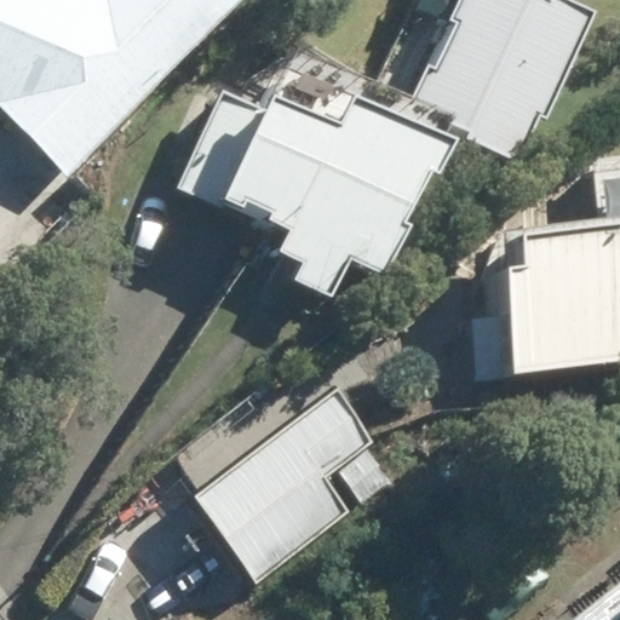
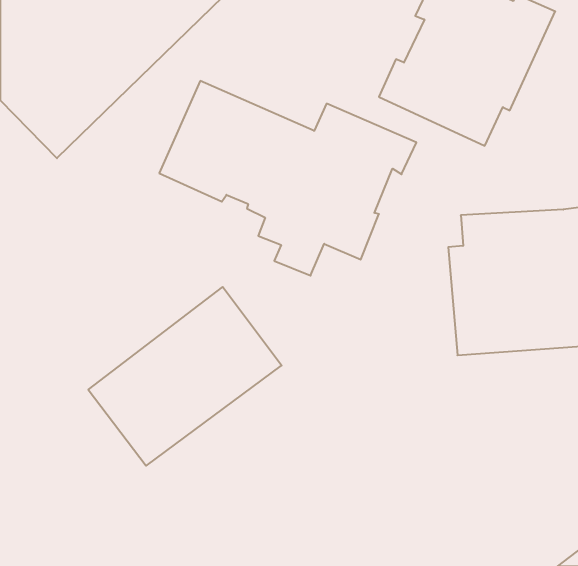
building: [195,386,401,576] -> [88,287,282,466]

